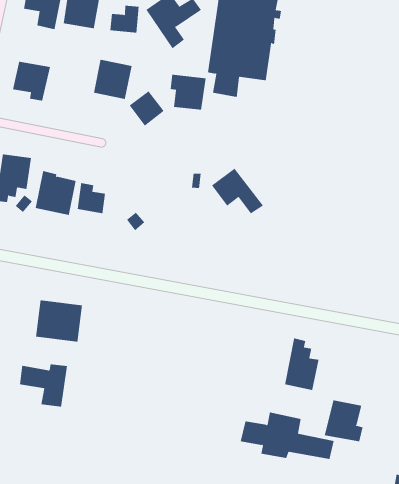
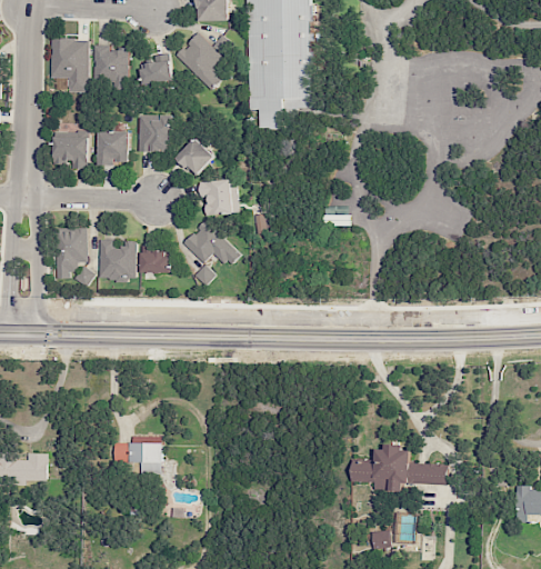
building: none -> [98,131,129,166]
building: [170,74,206,110] -> [198,179,236,214]
building: [211,168,264,214] -> [182,221,240,266]
building: [36,300,83,342] -> none
building: [284,337,319,391] -> none
building: [324,399,363,442] -> none

